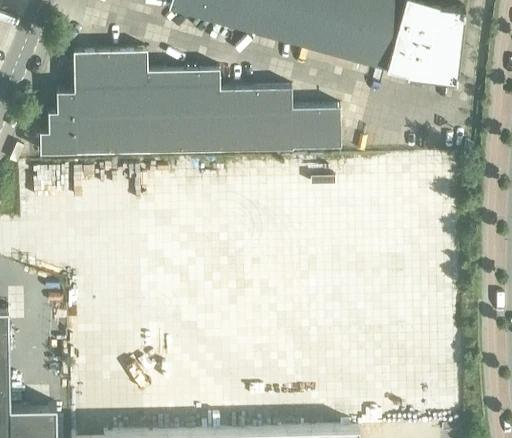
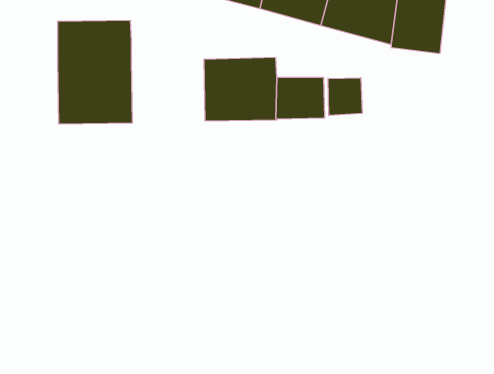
building: [148,70,221,153] -> none
building: [40,92,75,155] -> none
building: none -> [328,78,362,116]

